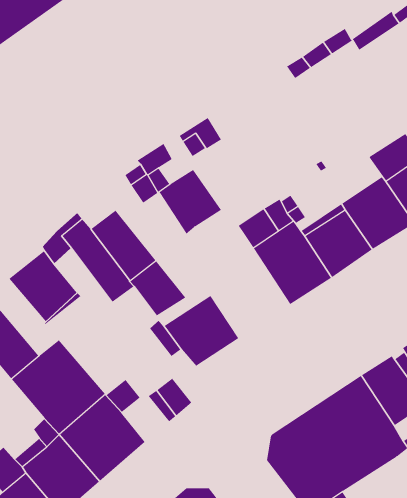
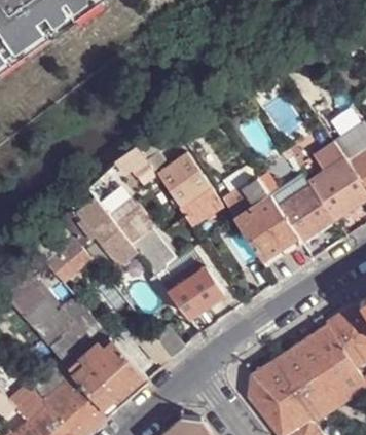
building: none -> [178,185,227,230]

